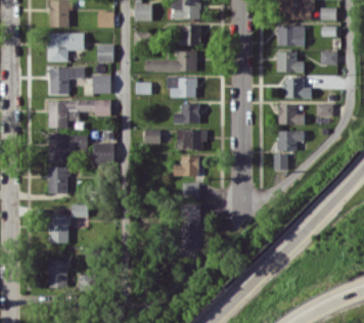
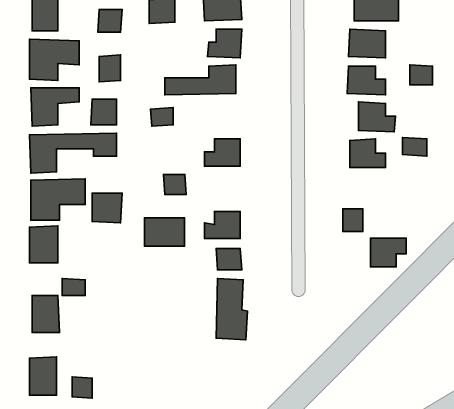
building: [169,76,196,97] -> none
building: [177,129,206,149] -> [145,218,184,246]
building: [278,130,304,150] -> [371,238,406,267]

